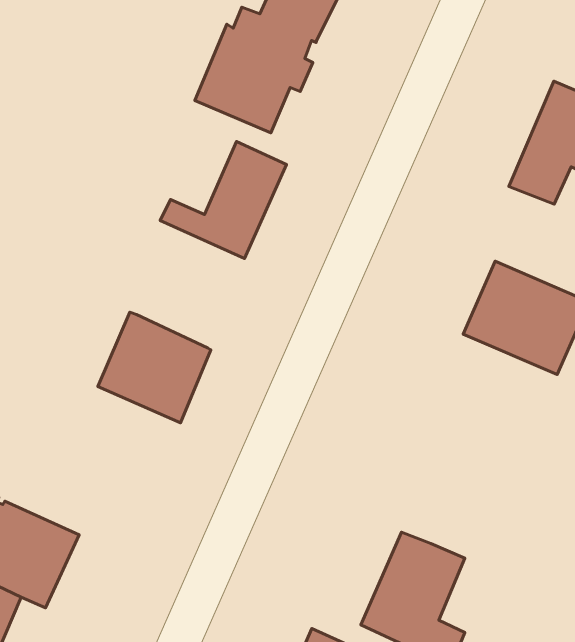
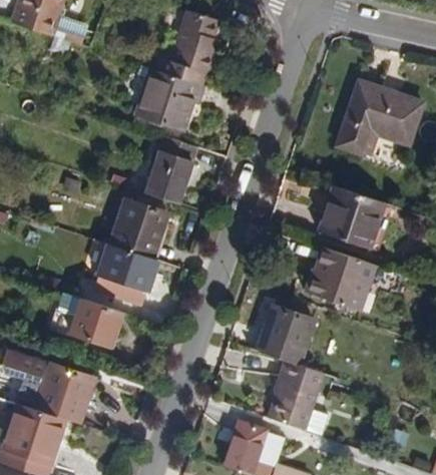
building: none -> [117,197,175,259]
building: none -> [310,249,375,317]
building: none -> [54,292,125,347]
building: none -> [263,308,319,363]

